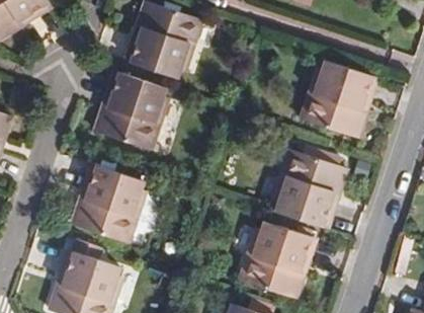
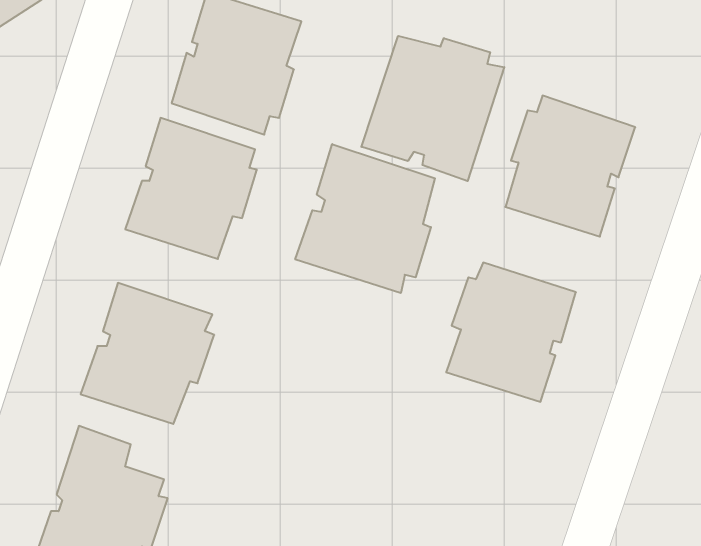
building: none -> [361,36,504,181]
building: none -> [295,144,435,293]
building: [247,219,317,297] -> none

